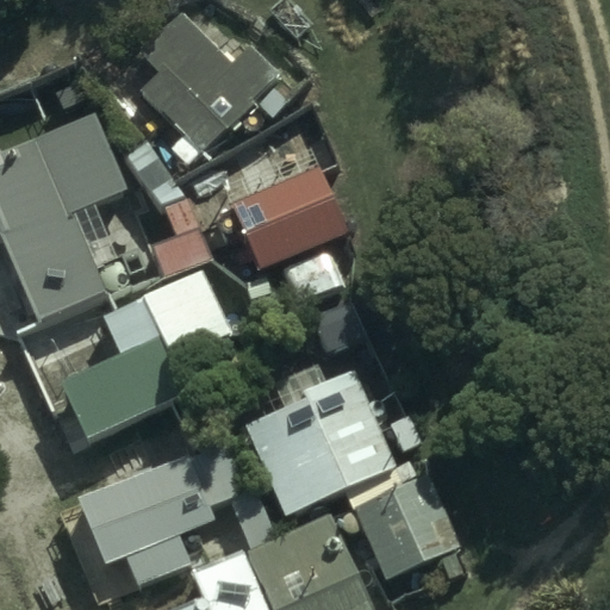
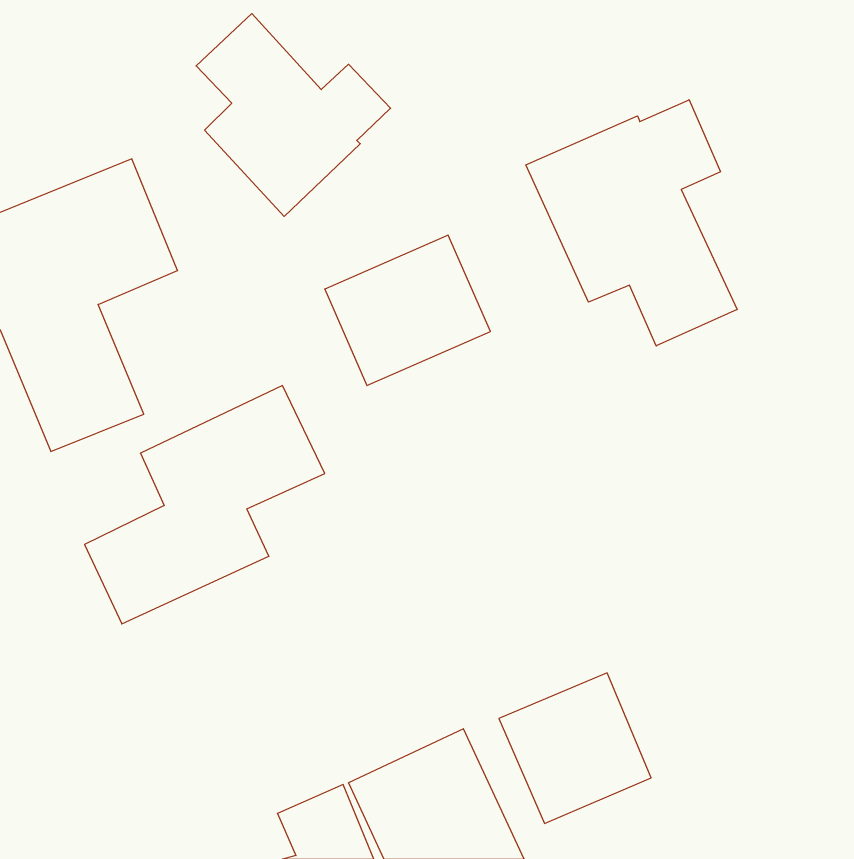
building: none -> [526,100,737,346]
building: [247,372,392,512] -> none
building: [81,443,247,584] -> none

